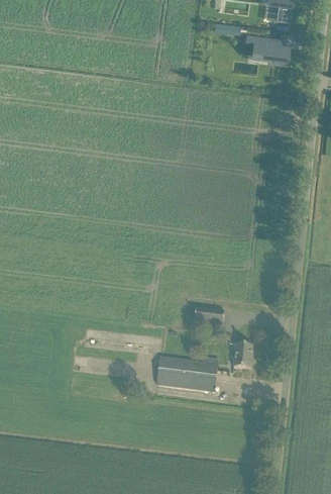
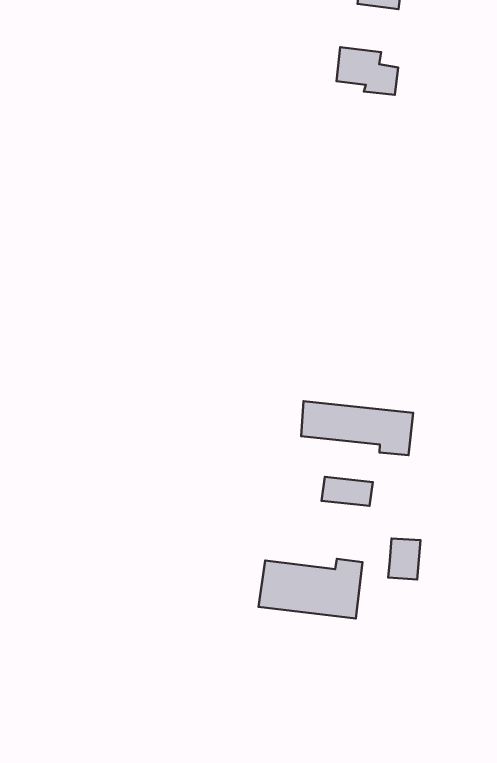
building: [253,34,290,63] -> [337,47,398,95]
building: none -> [301,401,413,455]

